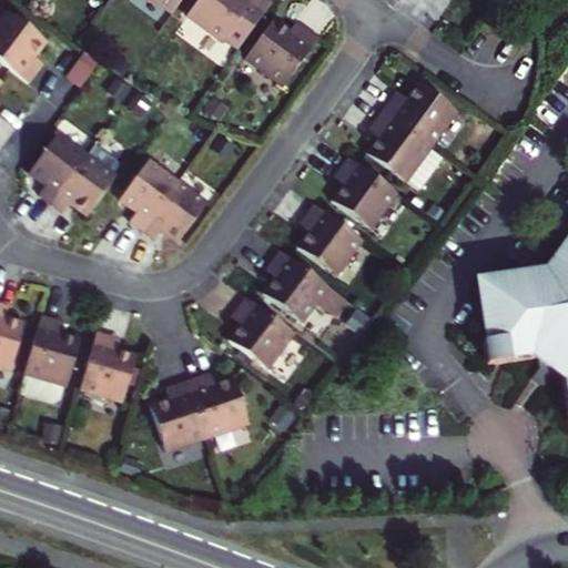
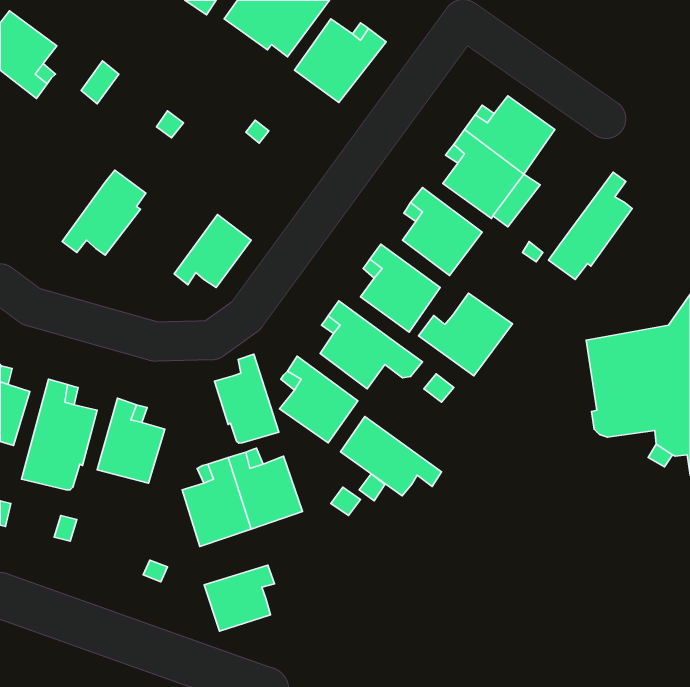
building: [30,131,87,201] -> none
building: none -> [548,172,632,280]
building: [121,158,179,227] -> none
building: none -> [419,293,513,376]
building: none -> [214,354,279,443]
building: none -> [340,416,442,496]
building: none -> [204,565,275,631]

